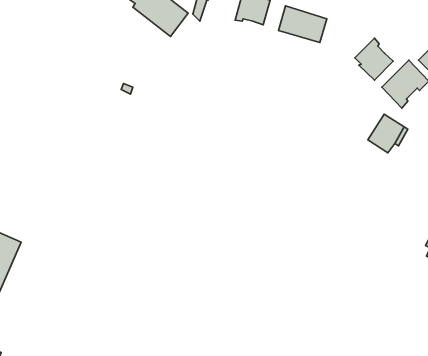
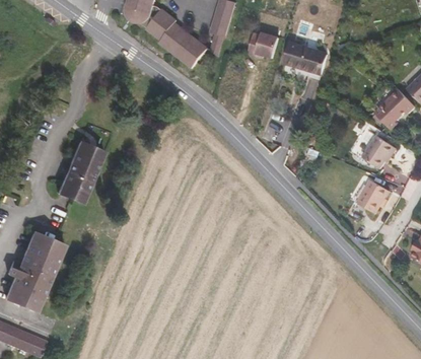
building: [355,38,393,80] -> none
building: none -> [57,141,102,202]
building: none -> [356,180,390,214]

